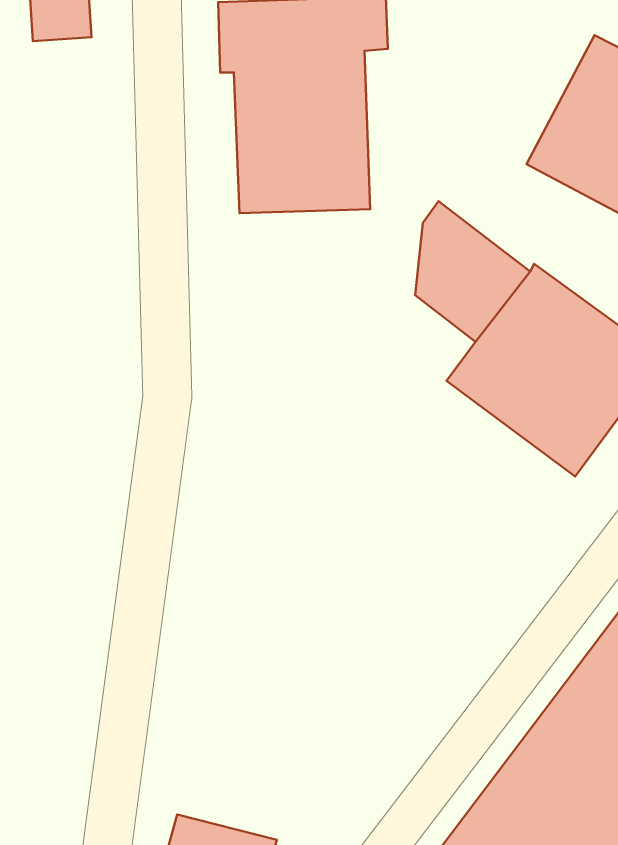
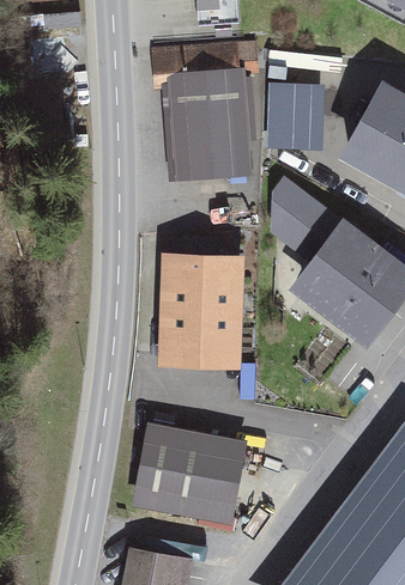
building: none -> [270,81,333,151]
building: none -> [153,257,236,377]
building: none -> [131,435,242,525]

